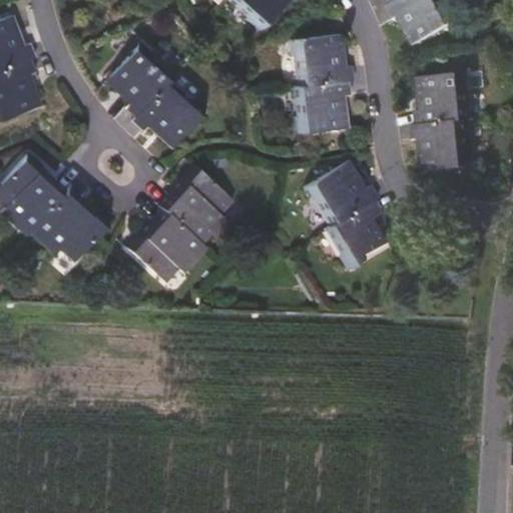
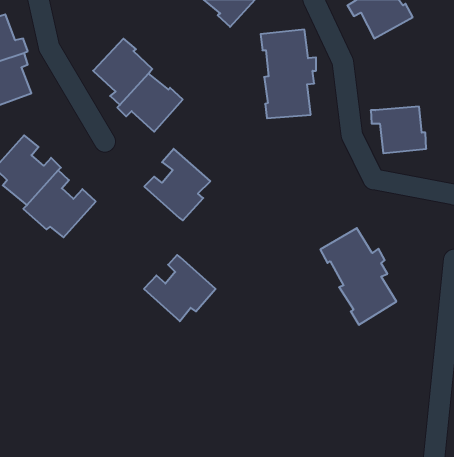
building: [419,71,474,123] -> none
building: [308,162,393,271] -> [320,228,396,325]
building: [120,205,200,280] -> [144,255,216,321]

